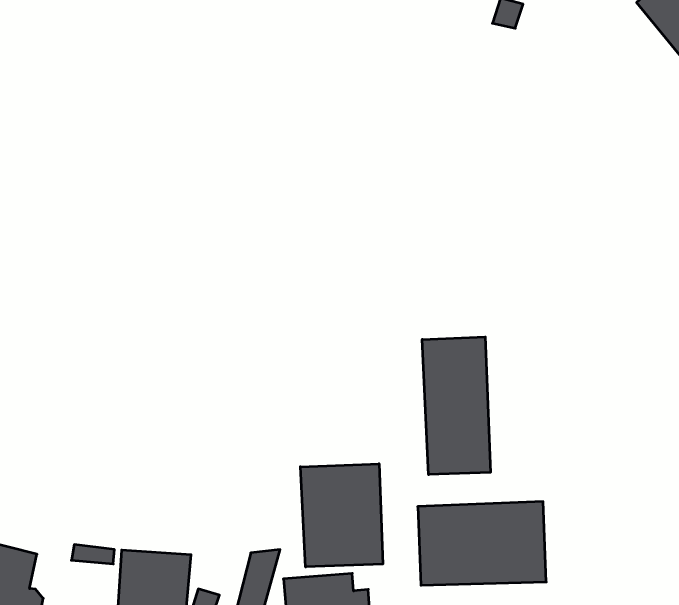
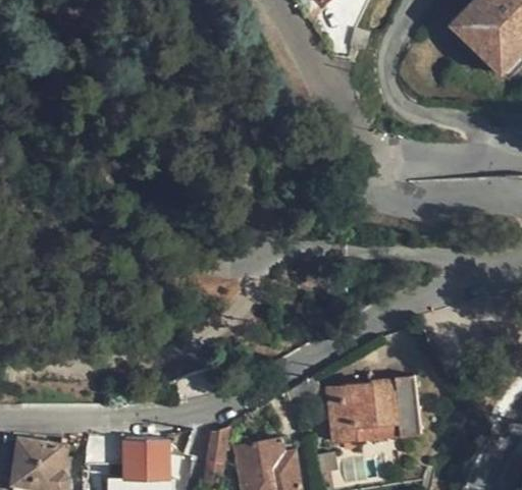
building: [422,337,490,475] -> none
building: [300,464,383,567] -> none

